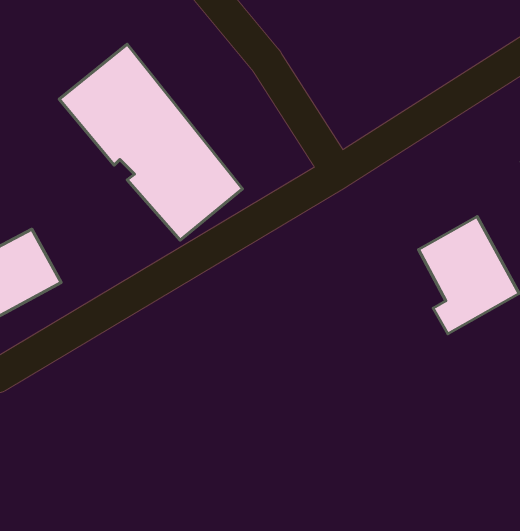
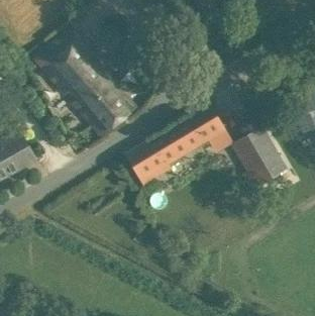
building: none -> [124,104,232,186]

